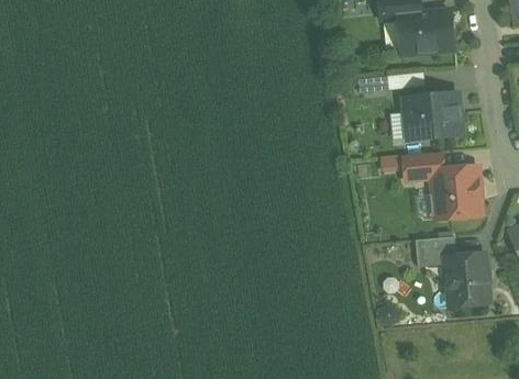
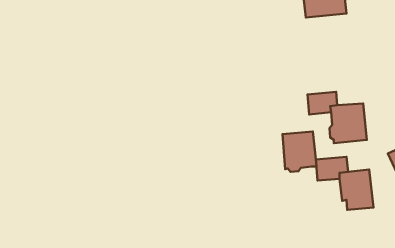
building: [404,92,462,140] -> none
building: none -> [282,132,316,172]

